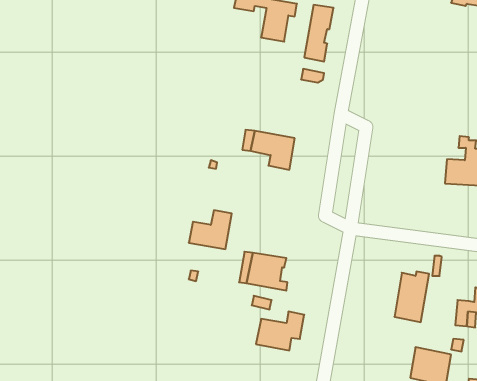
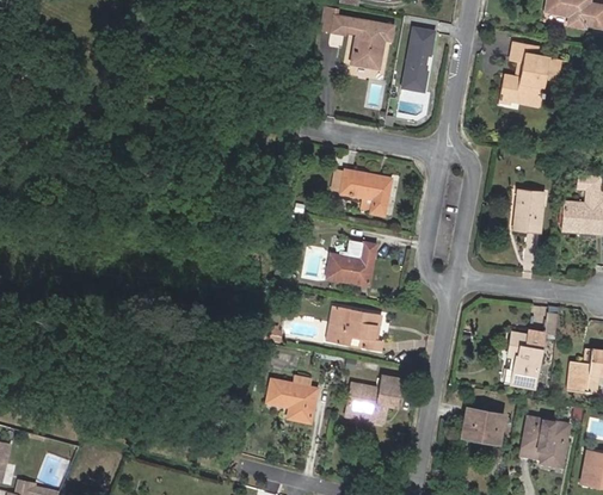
building: none -> [499,42,561,106]
building: none -> [513,190,543,231]
building: [189,210,232,249] -> [327,241,376,285]
building: none -> [266,378,318,421]
building: none -> [461,406,503,443]

